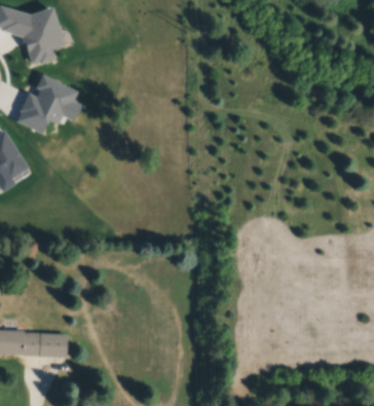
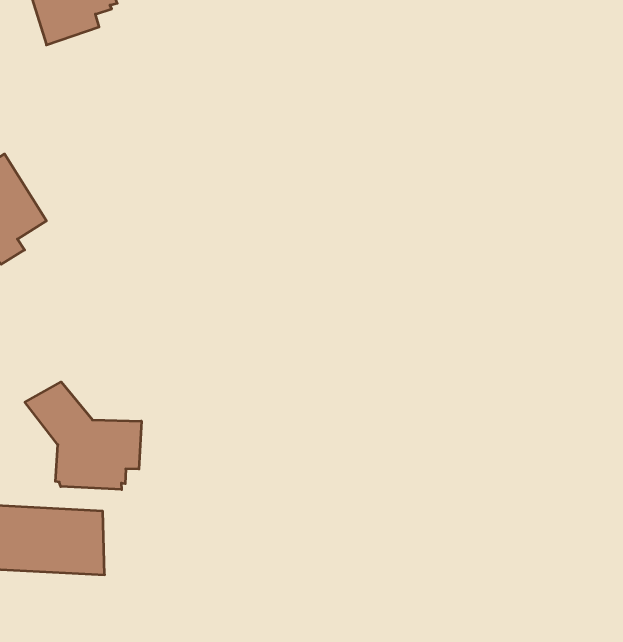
building: [15,74,84,134] -> none
building: none -> [25,382,141,490]

